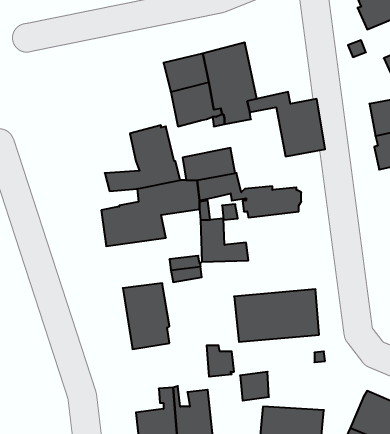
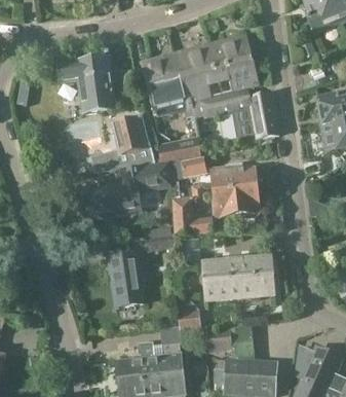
building: none -> [210,35,258,92]
building: none -> [59,56,117,117]
building: none -> [214,188,262,217]

